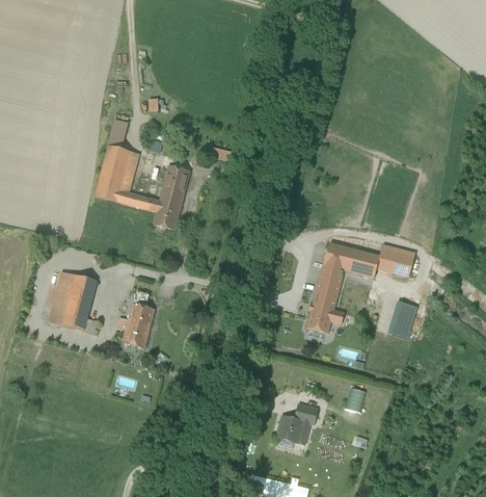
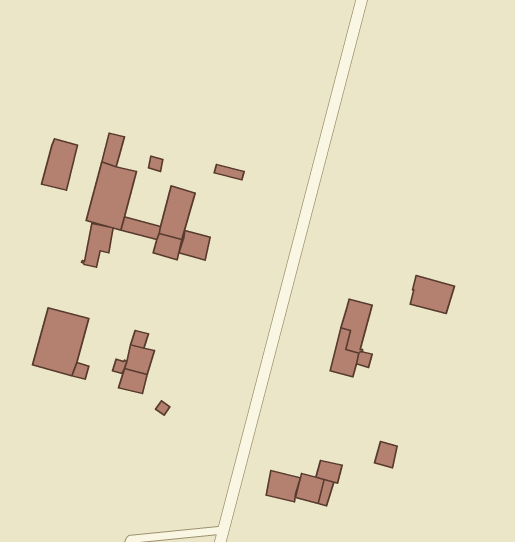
building: none -> [42,139,78,190]
building: none -> [82,223,113,267]
building: none -> [179,230,210,260]
building: [324,242,380,278] -> none
building: [388,300,417,338] -> none
building: none -> [266,470,300,502]

